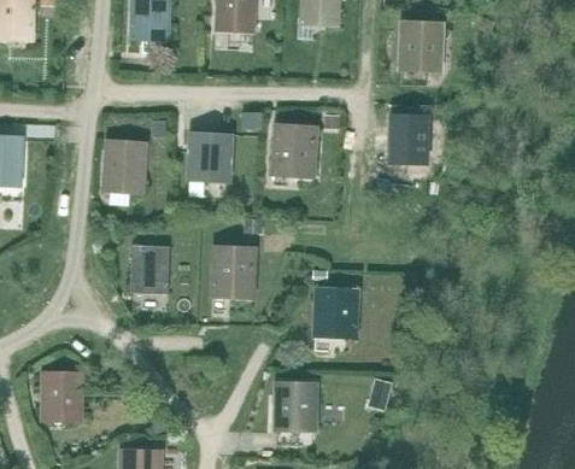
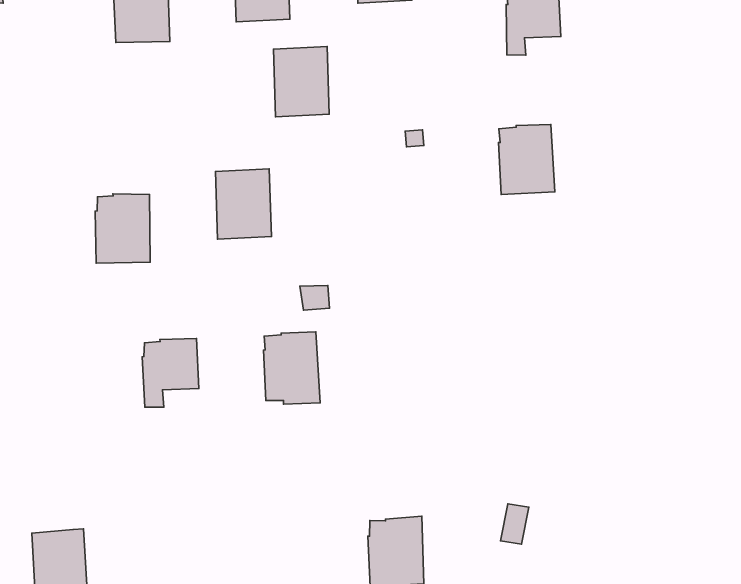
building: [275,127,315,175] -> [273,47,329,117]
building: [317,288,356,336] -> none

